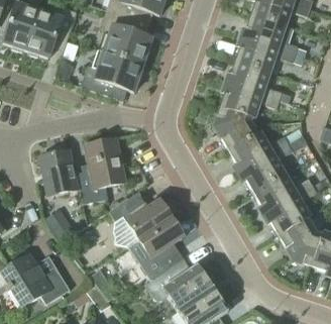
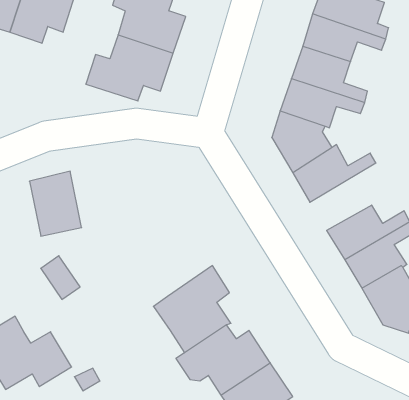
building: [240,135,307,192] -> none
building: [76,140,124,204] -> none
building: [108,191,171,239] -> none

